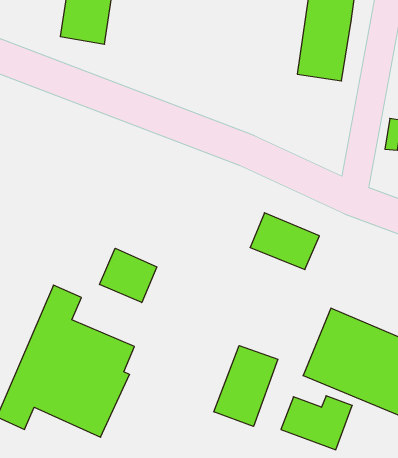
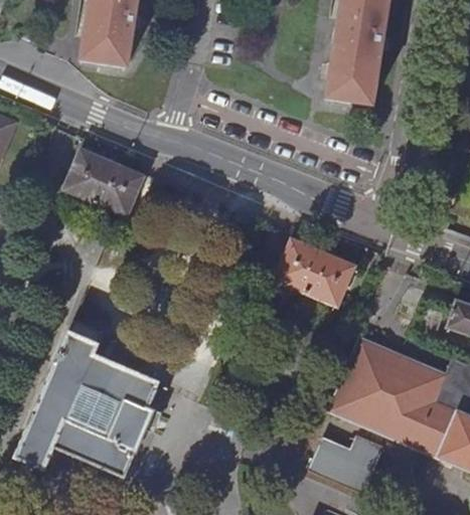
building: none -> [65,152,140,212]
building: [100,248,157,303] -> none
building: [214,346,278,426] -> none

